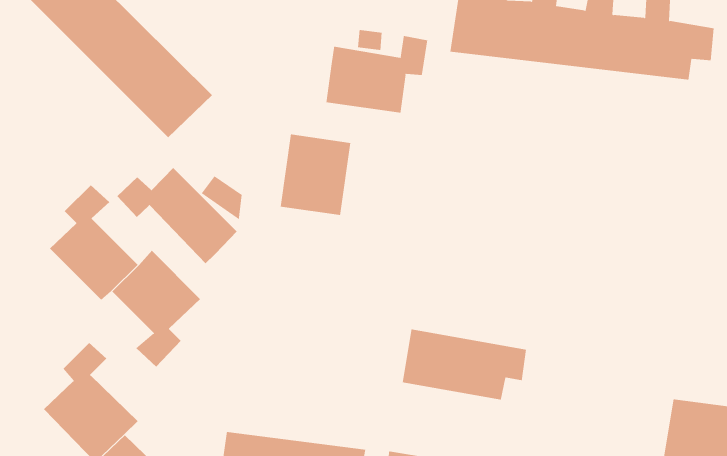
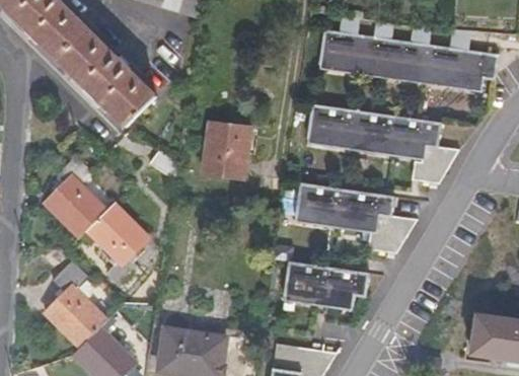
building: [326,35,428,114] -> none
building: none -> [308,101,459,181]
building: [117,167,238,264] -> none
building: none -> [297,180,417,251]

